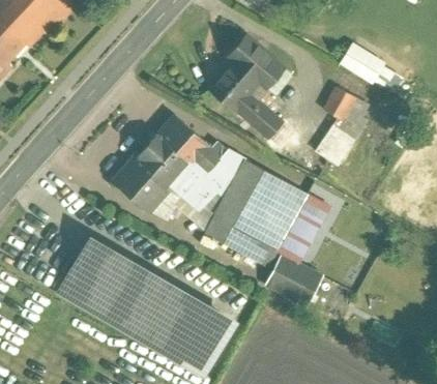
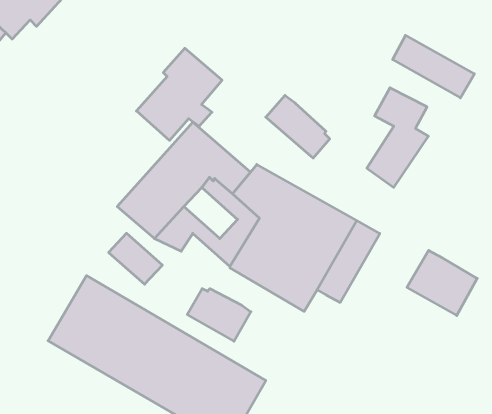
building: [206,34,275,109] -> [136,48,222,140]
building: [167,166,210,207] -> [109,233,162,284]
building: none -> [187,289,251,341]
building: [264,253,321,305] -> [407,250,477,316]

